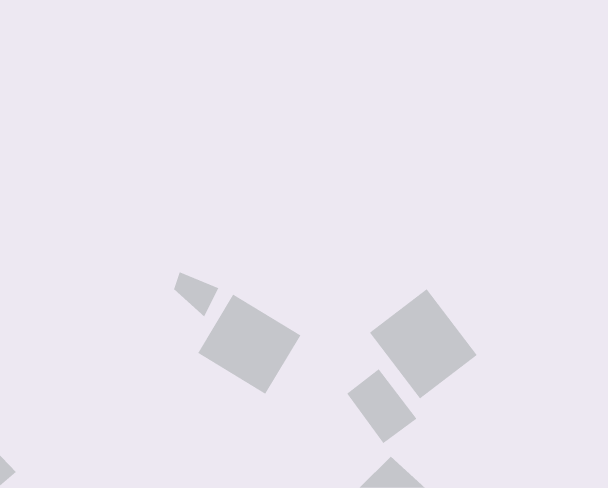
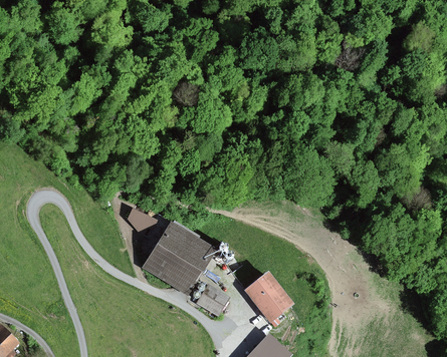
building: [369,288,478,400] -> none
building: none -> [195,285,228,316]

